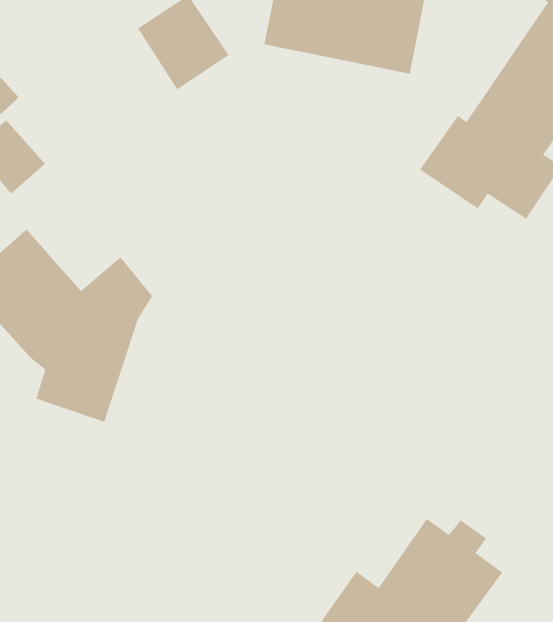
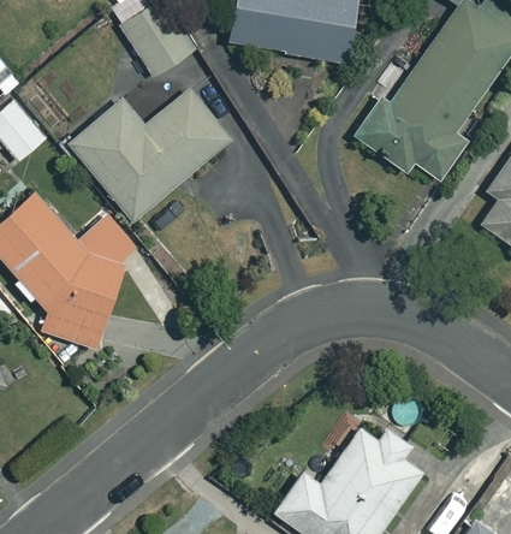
building: none -> [66,91,228,219]

